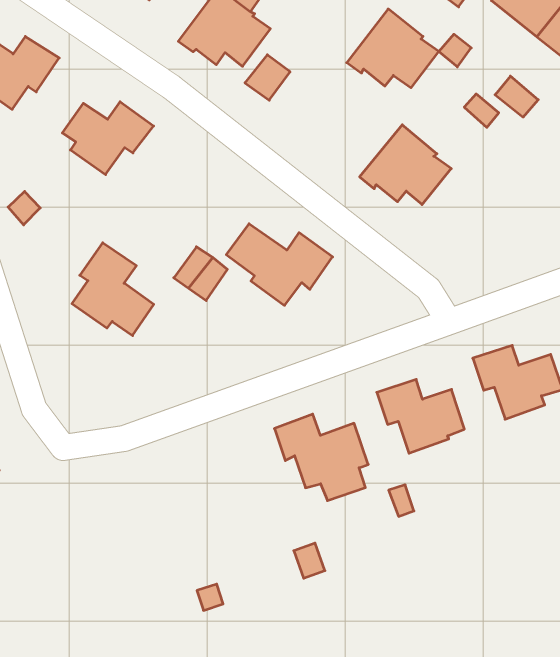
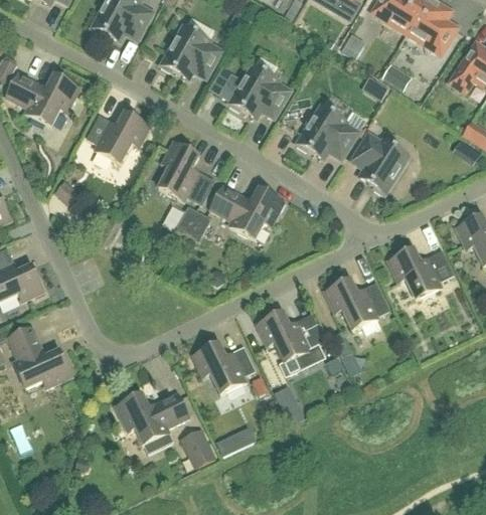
building: [347,9,439,88] -> [228,64,291,118]
building: none -> [352,133,409,195]
building: [72,243,154,336] -> [158,142,214,203]
building: none -> [193,342,255,393]
building: none -> [117,392,189,452]
building: none -> [179,426,216,468]

